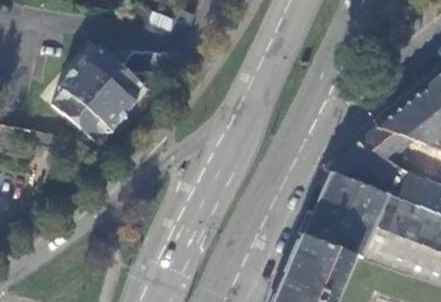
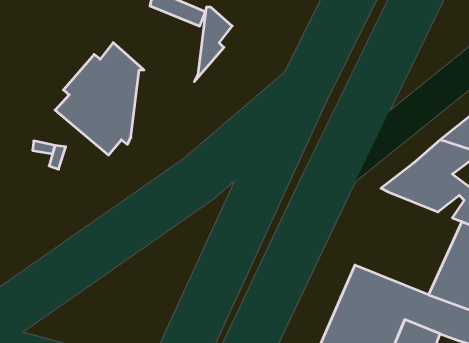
building: [111,68,143,131] -> [194,7,232,82]
building: [303,171,393,258] -> none

